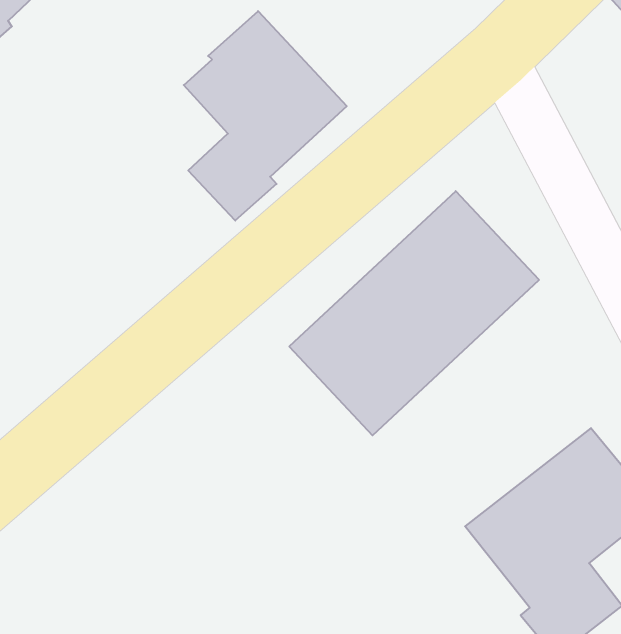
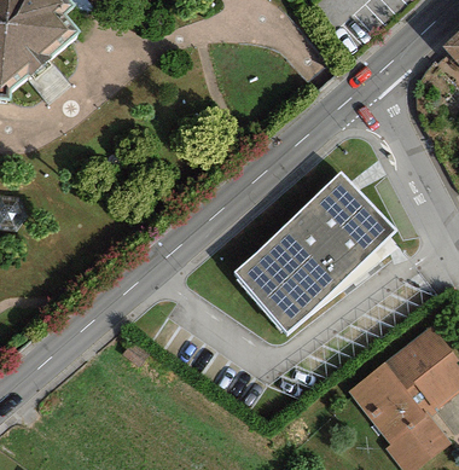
building: [184,11,347,221] -> none

